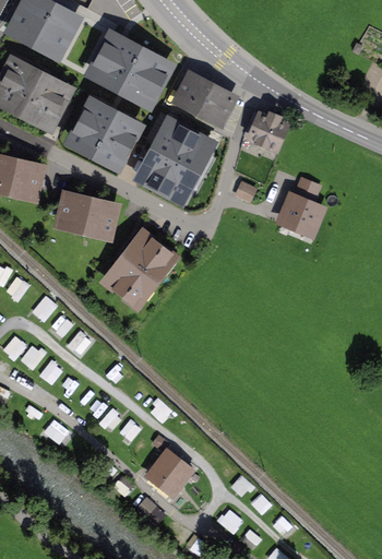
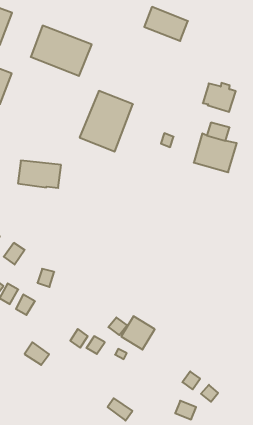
building: [178,79,231,123] -> [144,7,188,41]
building: [71,105,135,166] -> none
building: [243,114,285,151] -> [203,83,236,112]
building: [107,237,170,304] -> none
building: [148,453,190,495] -> [121,316,155,350]

